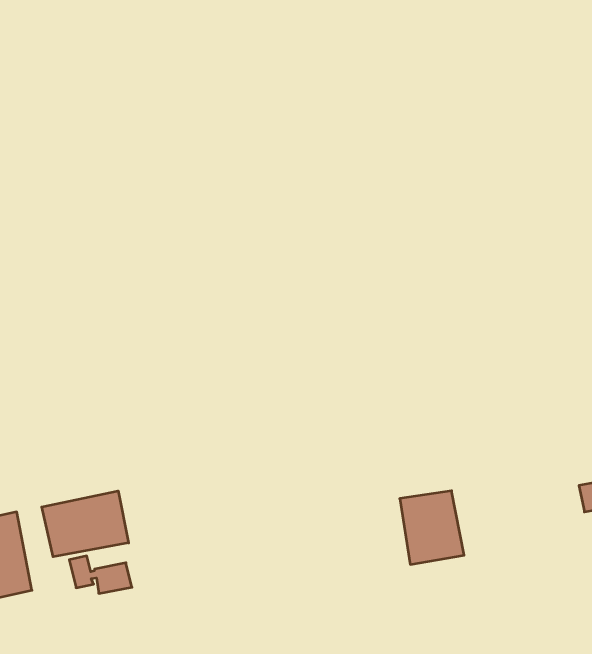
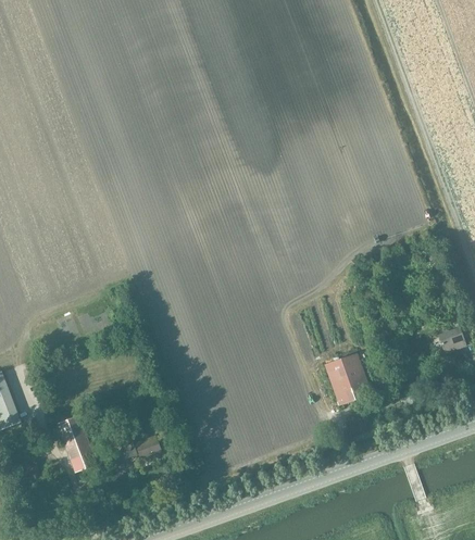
building: [42,491,129,557] -> none

